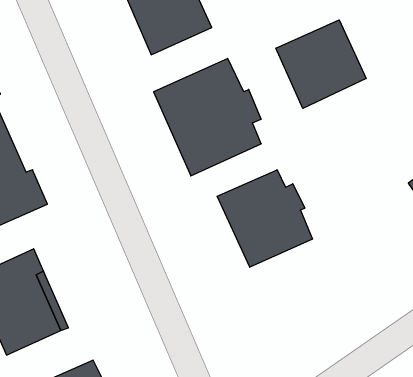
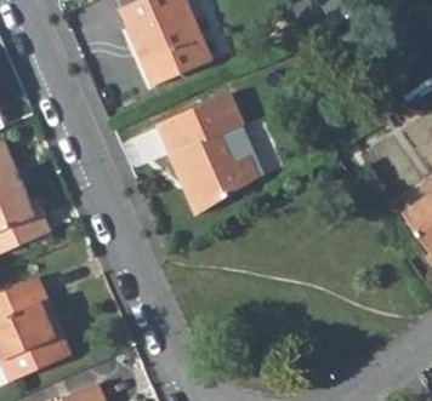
building: [276,20,366,108] -> none
building: [217,170,313,267] -> none

